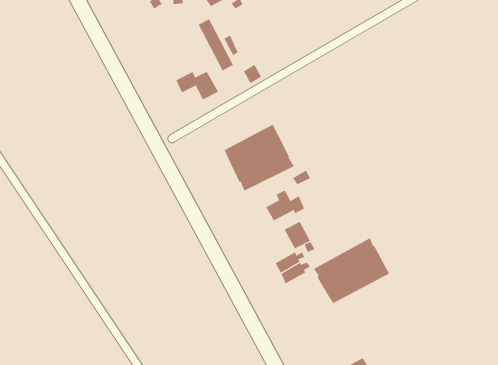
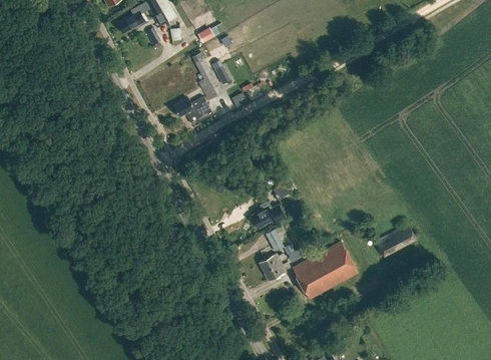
building: [224,124,294,191] -> none
building: none -> [375,224,416,258]

